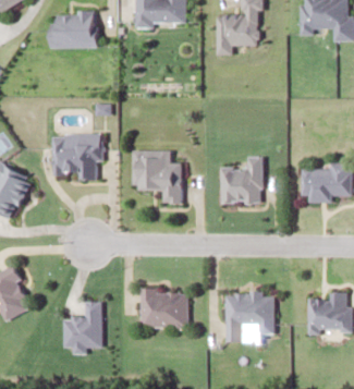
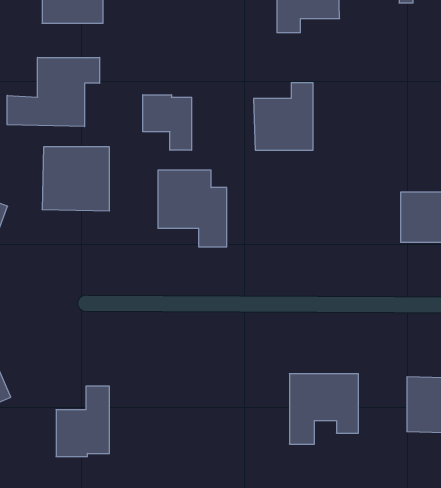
building: none -> [7,57,100,127]
building: none -> [143,95,192,150]
building: [222,157,264,204] -> [254,83,313,150]
building: [142,289,190,328] -> none

